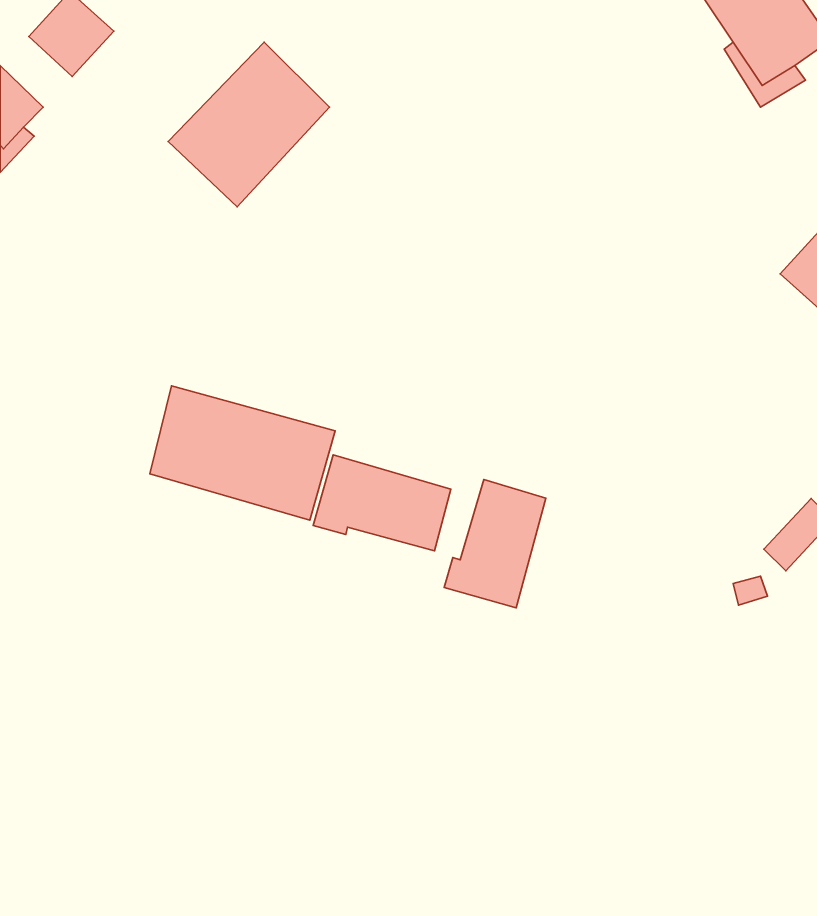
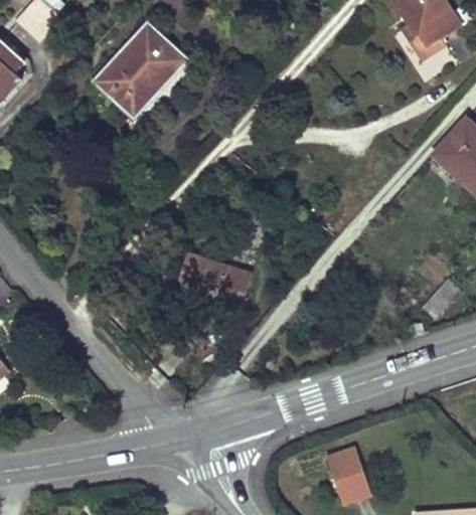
building: [150,386,335,520] -> none
building: [444,480,546,608] -> none
building: none -> [326,448,368,504]

